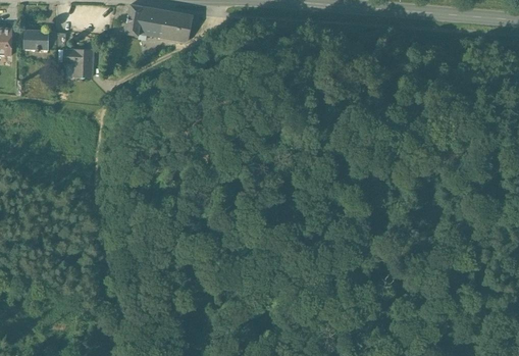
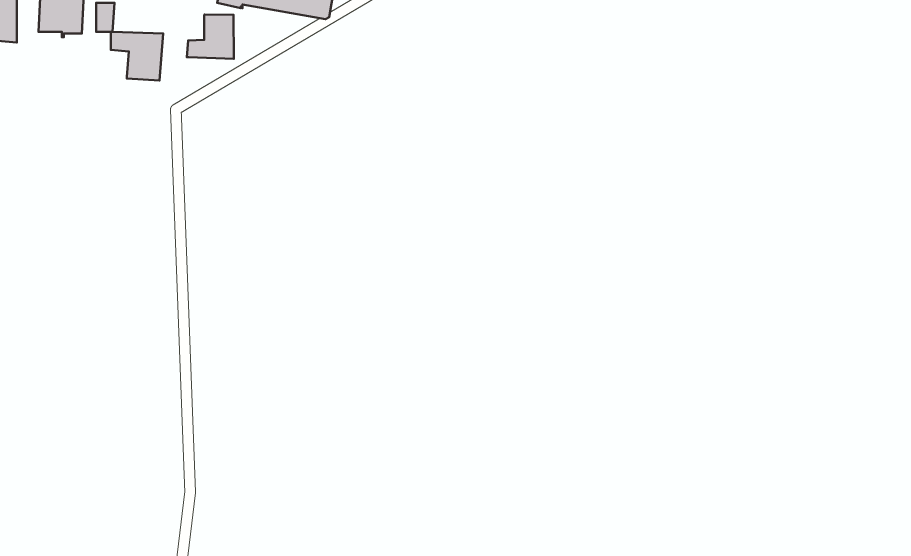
building: none -> [187,15,234,59]

